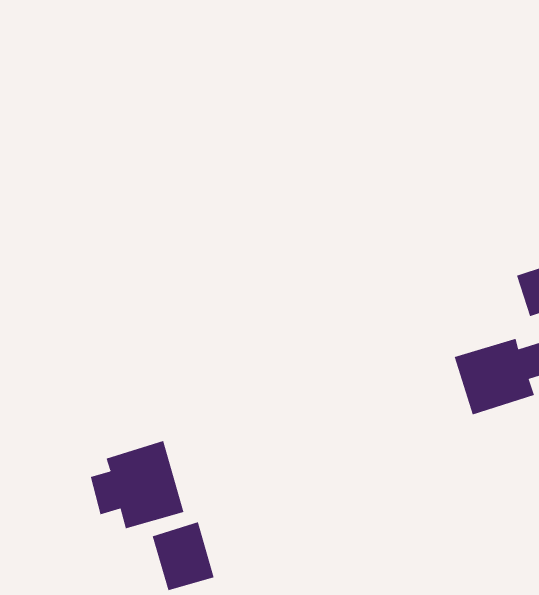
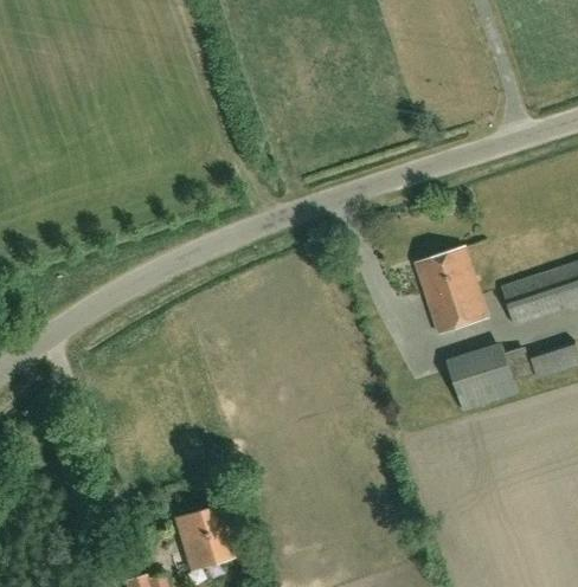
building: none -> [415,247,487,333]
building: [90,440,184,529] -> none

